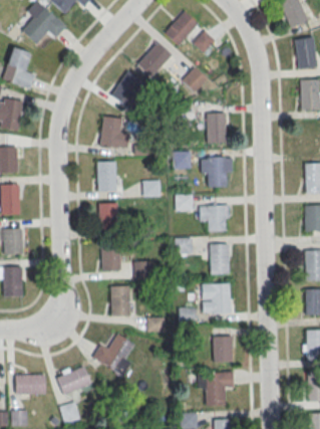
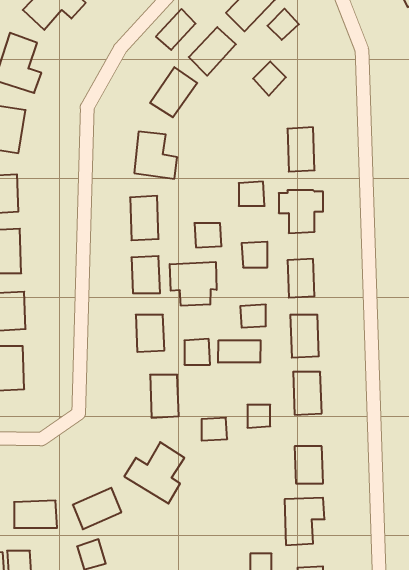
building: none -> [156,9,196,50]
building: none -> [170,262,217,306]
building: none -> [218,340,261,363]

